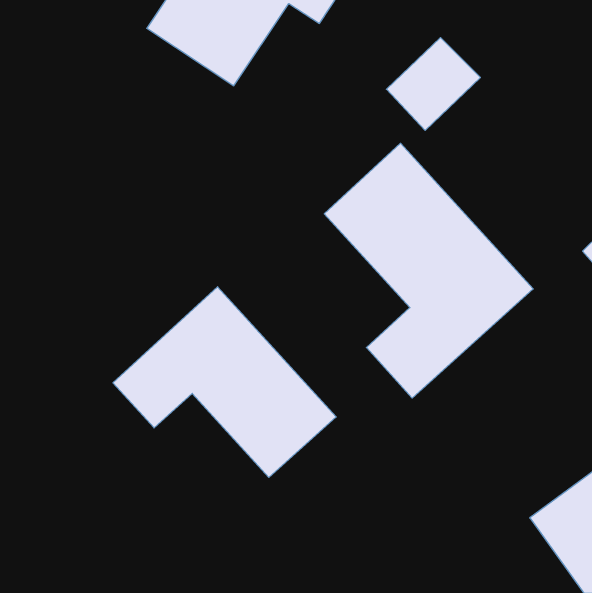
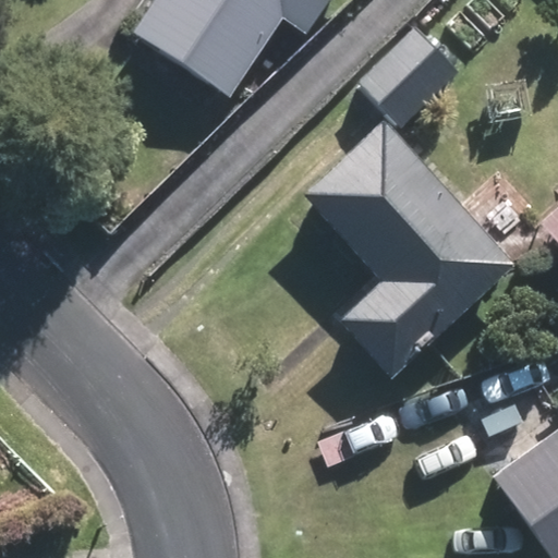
building: [113,287,336,477] -> none

